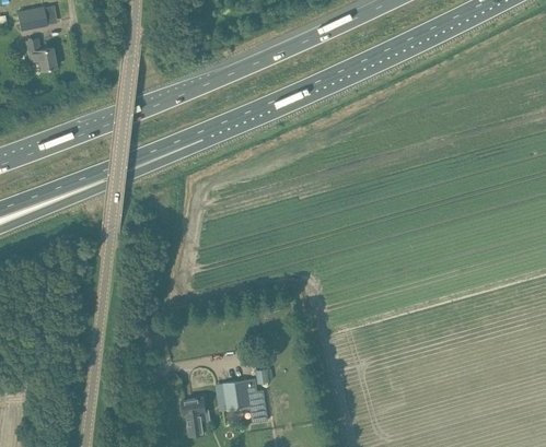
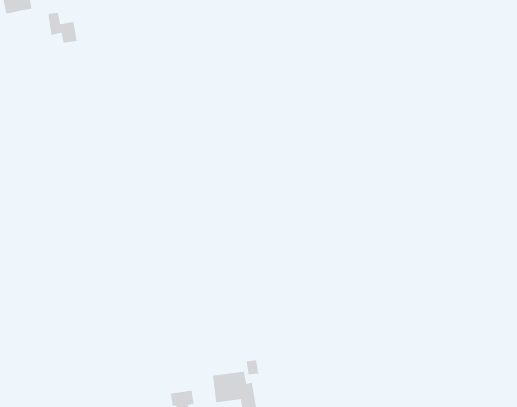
building: [26,39,56,70] -> [47,12,78,44]

